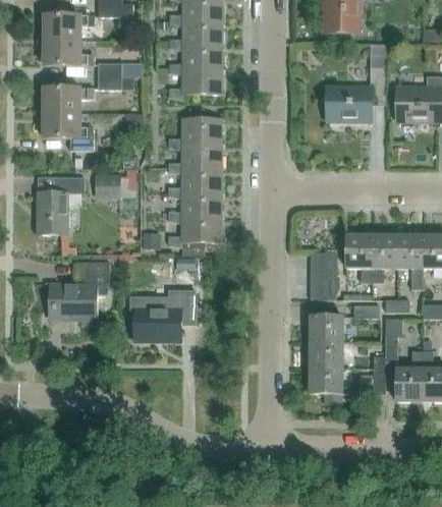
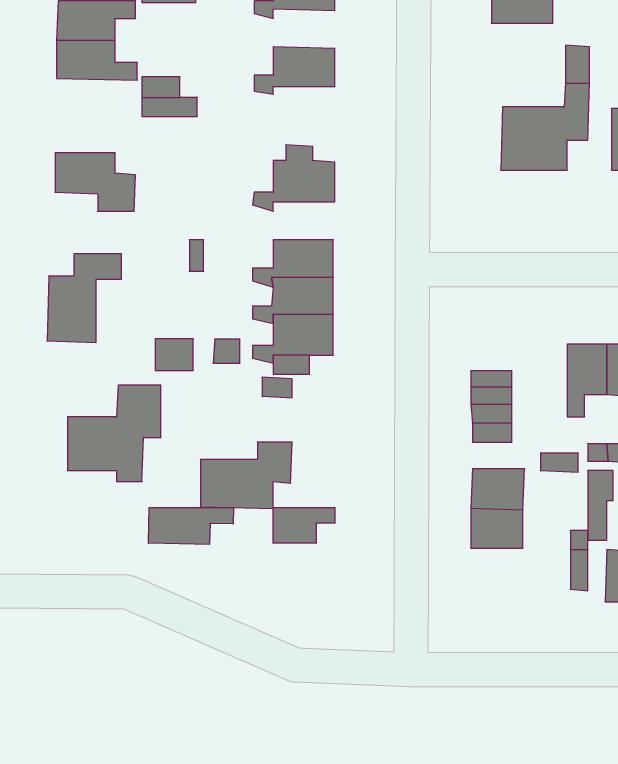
building: [169,19,221,50] -> none
building: [169,69,221,99] -> none
building: [41,87,94,112] -> none
building: [168,144,221,174] -> none
building: [95,175,119,195] -> [155,339,193,370]
building: [345,234,371,282] -> none
building: none -> [273,507,335,543]
building: none -> [148,508,233,544]
building: [308,367,342,401] -> none

